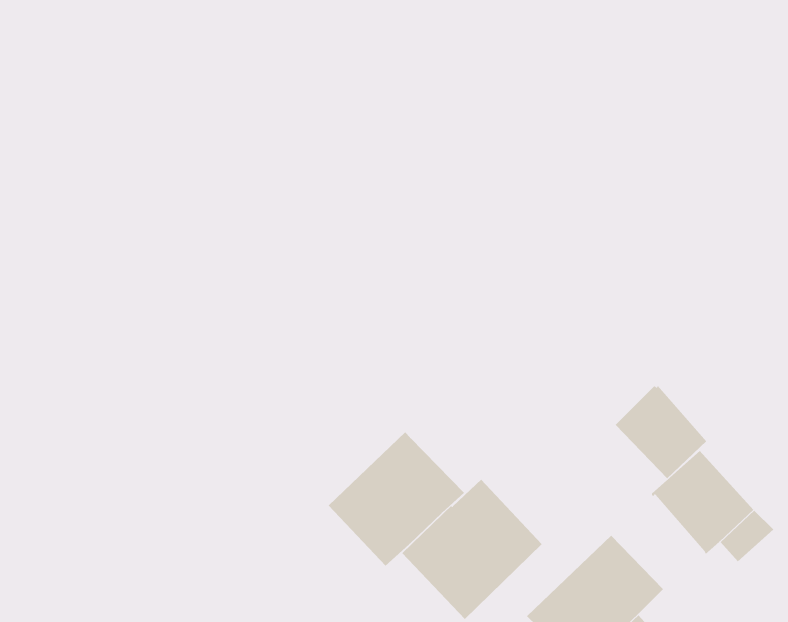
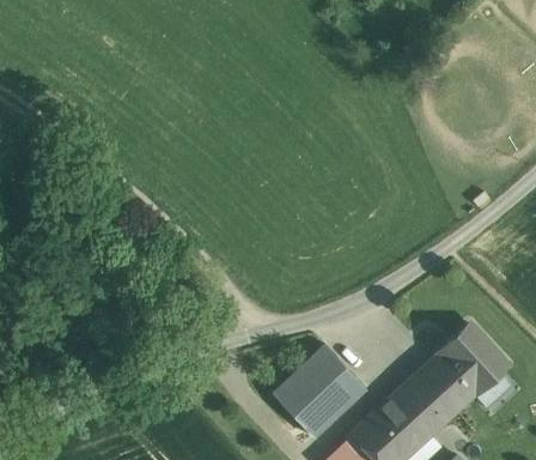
building: [615,385,707,479] -> [410,353,471,416]
building: [328,431,465,567] -> none

